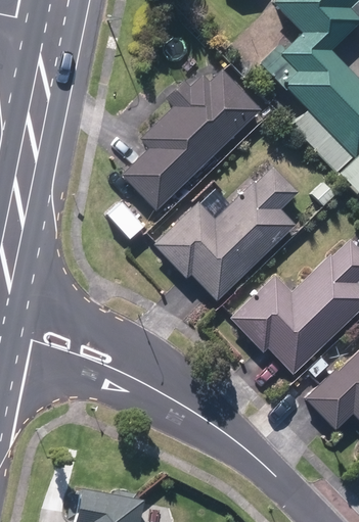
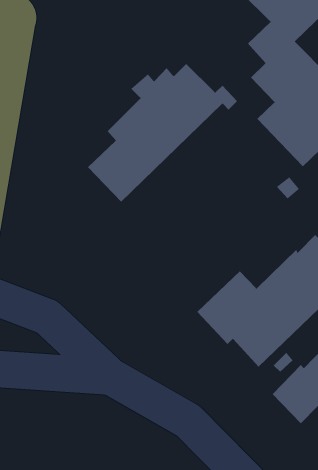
building: [156,168,296,300] -> none

